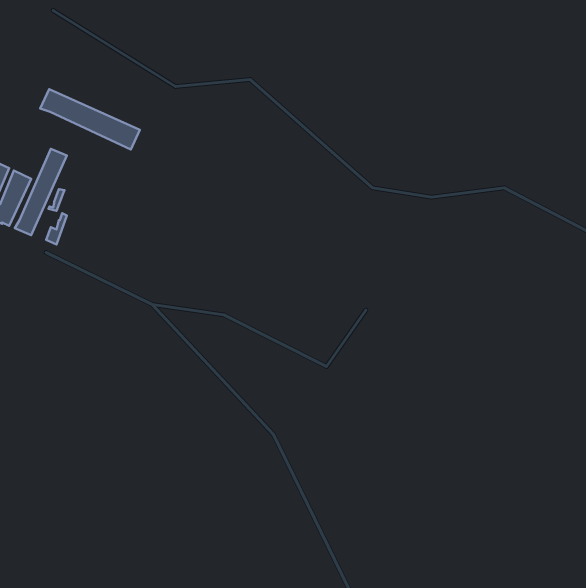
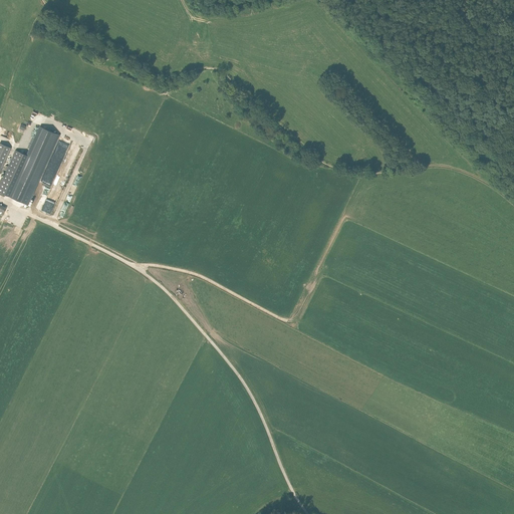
building: [40,89,140,149] -> none

